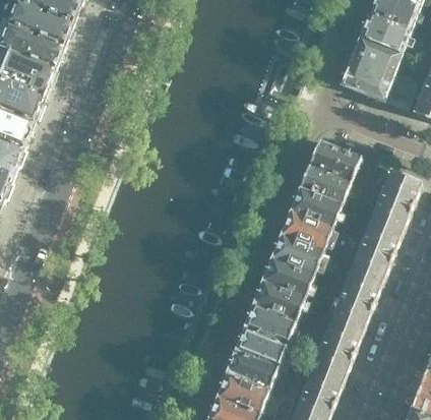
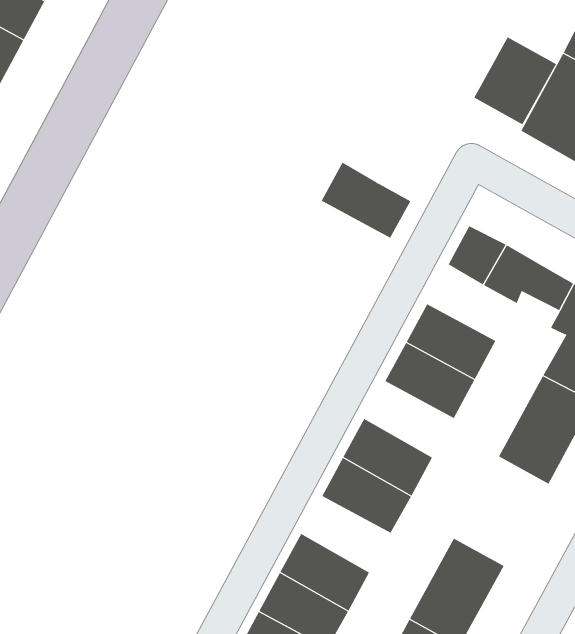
building: none -> [473,36,557,125]
building: [300,165,351,204] -> [321,162,411,238]
building: [272,235,323,275] -> none
building: [331,269,381,331] -> none
building: [245,304,296,344] -> none

